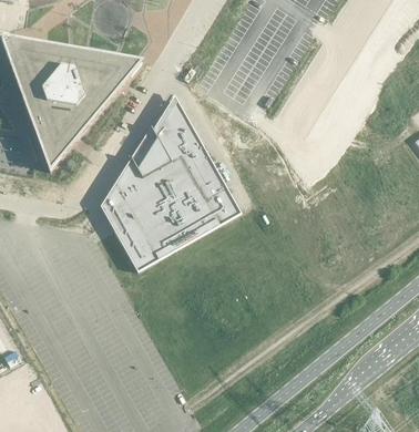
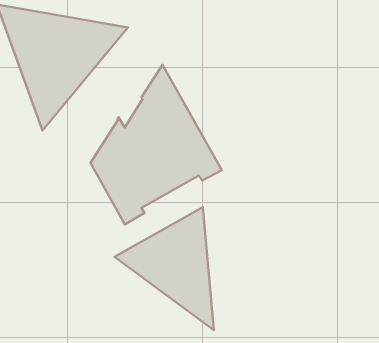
building: none -> [115,207,214,330]

